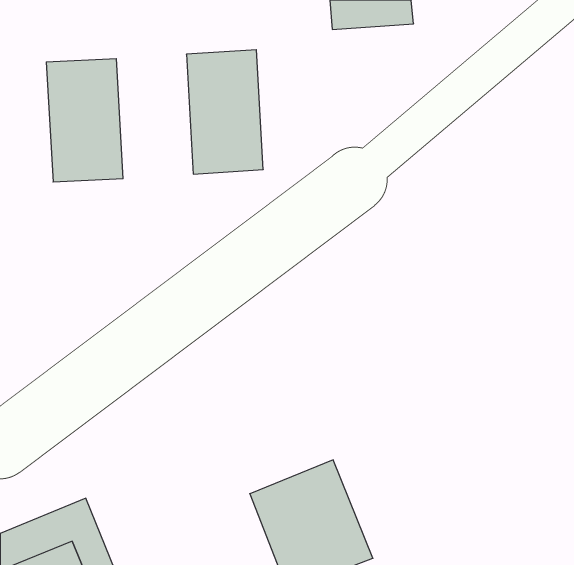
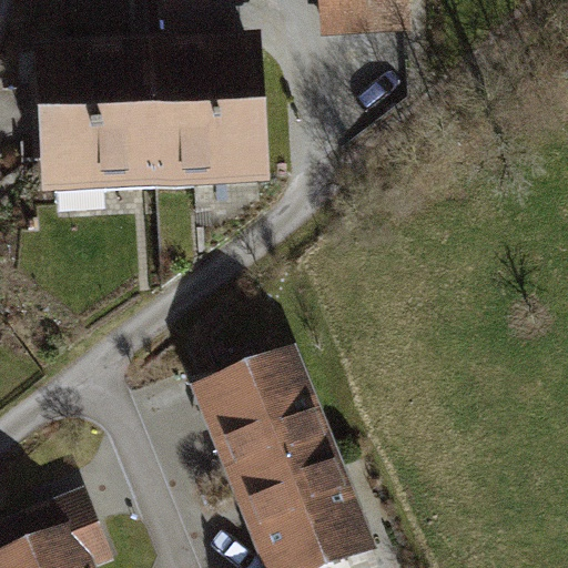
building: none -> [118,65,193,187]
building: none -> [192,368,331,497]

